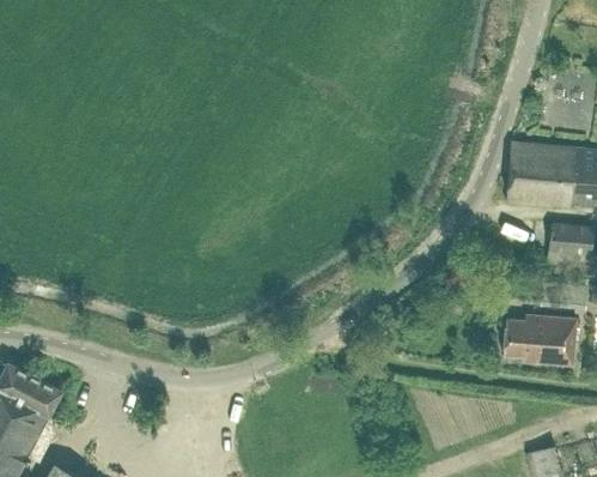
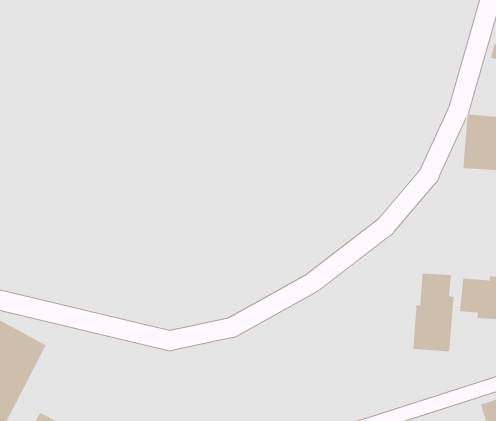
building: none -> [413,273,454,352]

